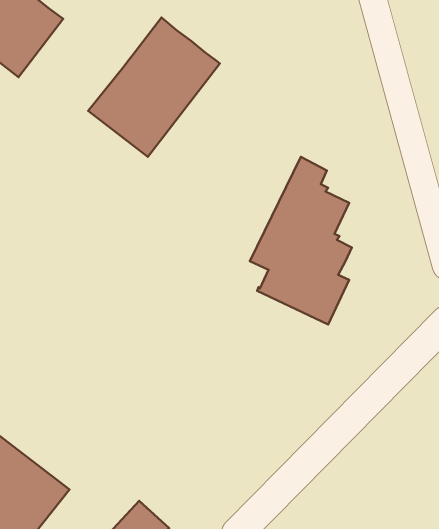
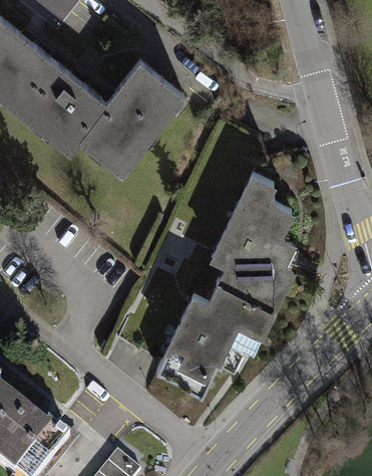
building: none -> [24,62,109,147]
building: none -> [155,282,274,397]

